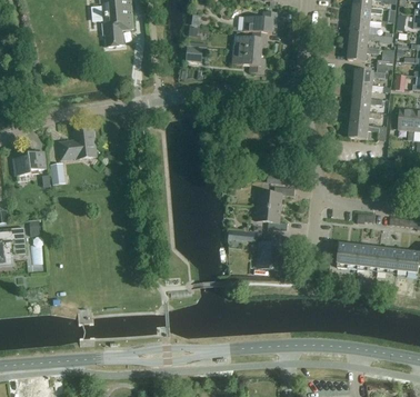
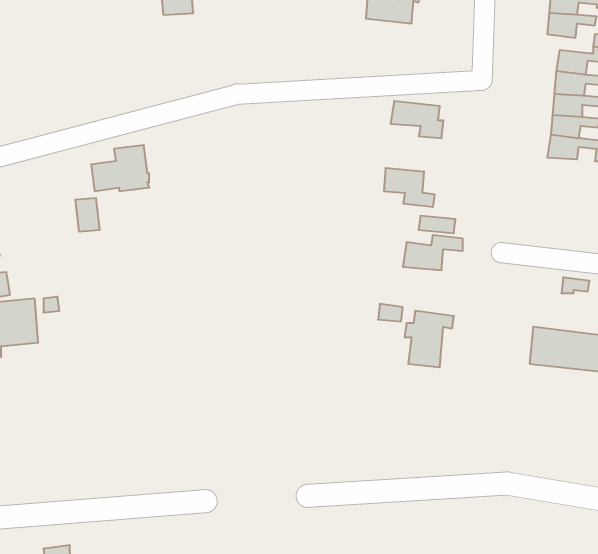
building: [231,48,264,71] -> [391,101,443,138]
building: [13,149,46,173] -> none
building: [256,205,288,229] -> [384,168,435,207]

